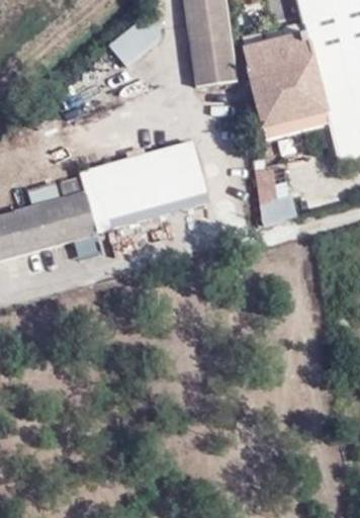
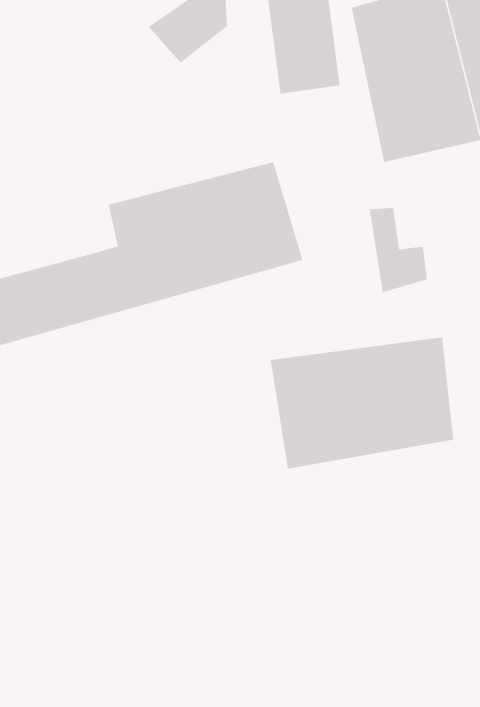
building: none -> [270,337,454,469]

